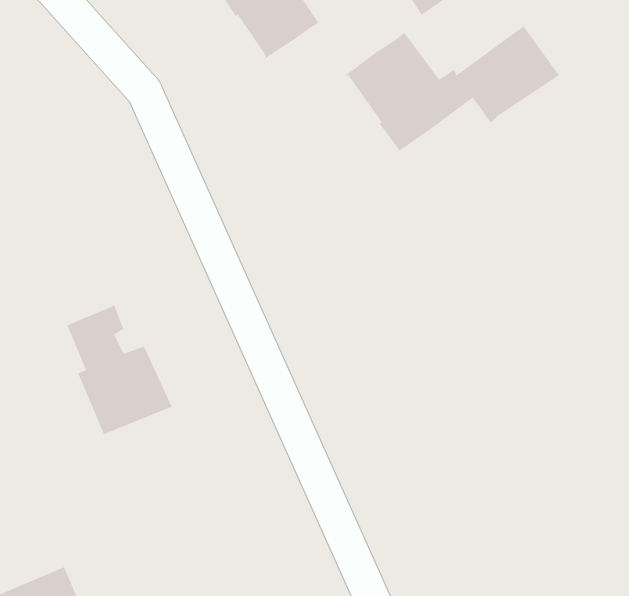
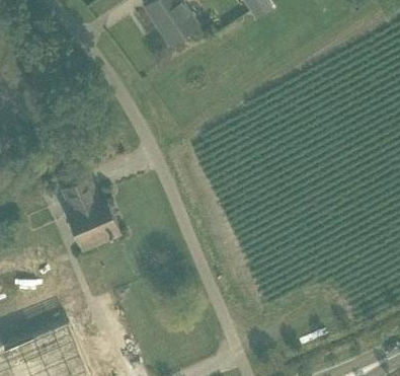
building: [344,26,560,152] -> none

